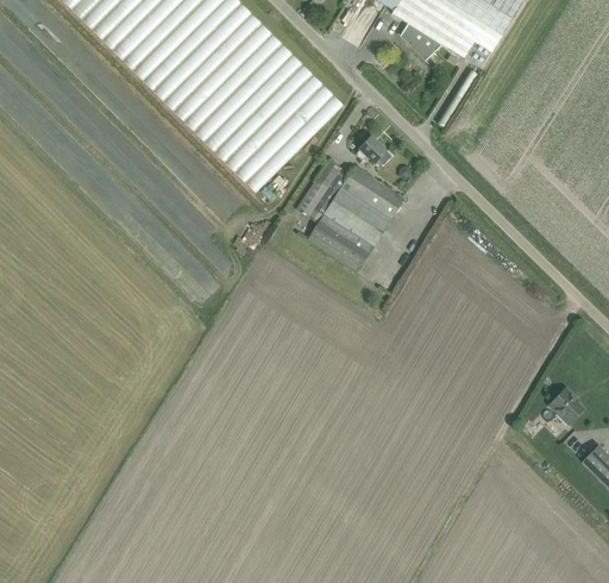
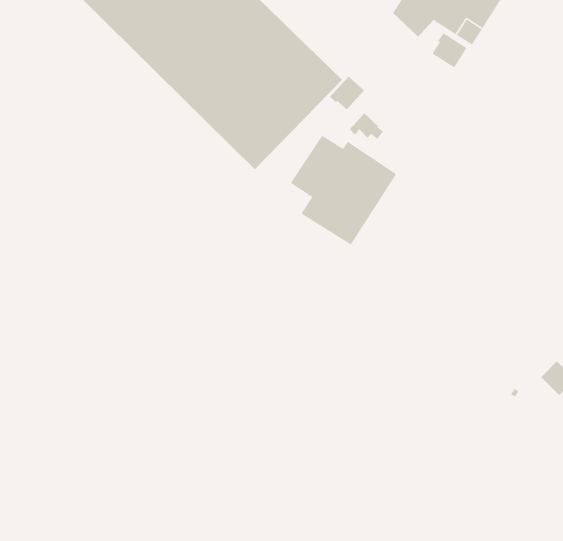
building: none -> [432,32,468,69]
building: none -> [329,76,365,110]

